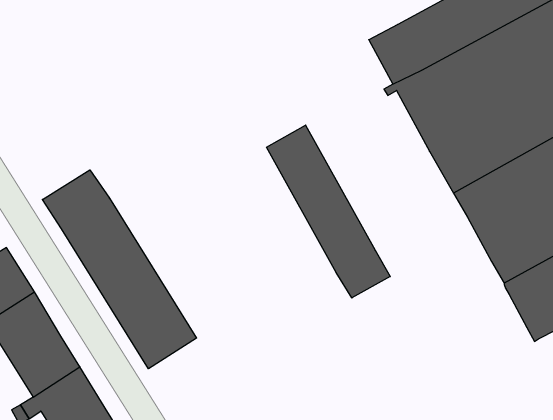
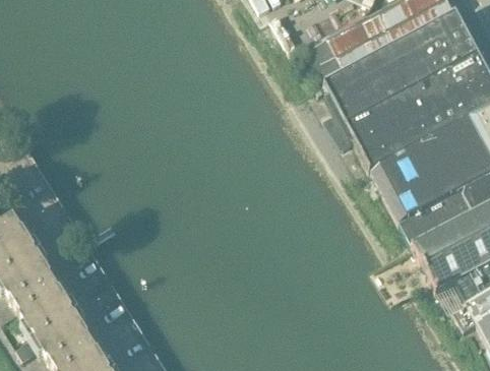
building: [267,125,390,298] -> none
building: [42,170,197,369] -> none

